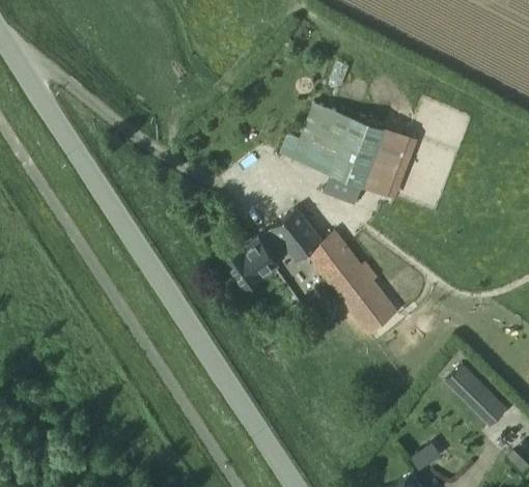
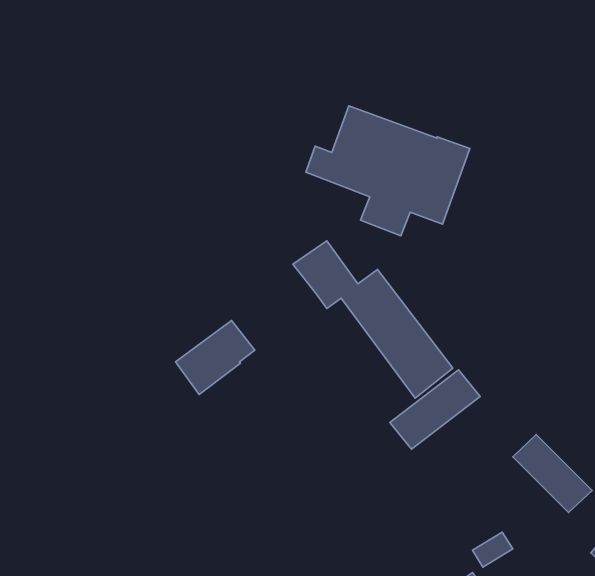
building: [225,228,288,287] -> [176,320,255,394]
building: none -> [390,370,480,449]

